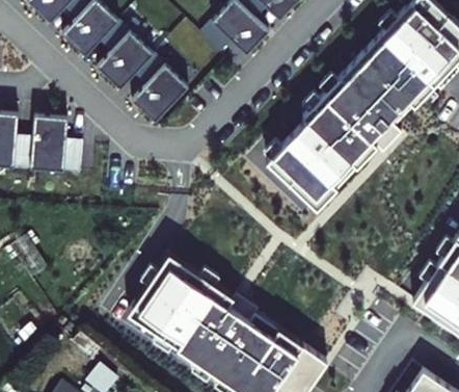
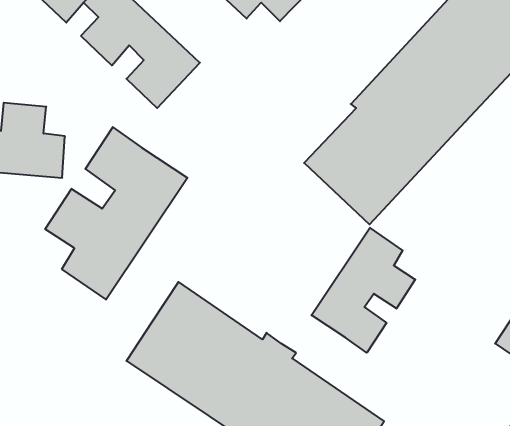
building: none -> [45,127,187,300]
building: none -> [311,228,415,353]

